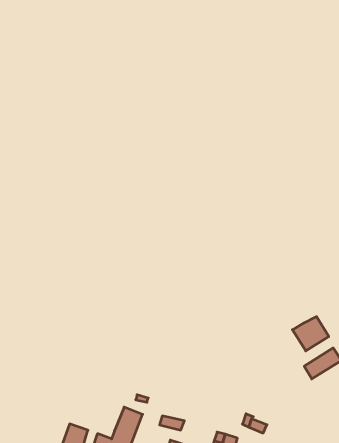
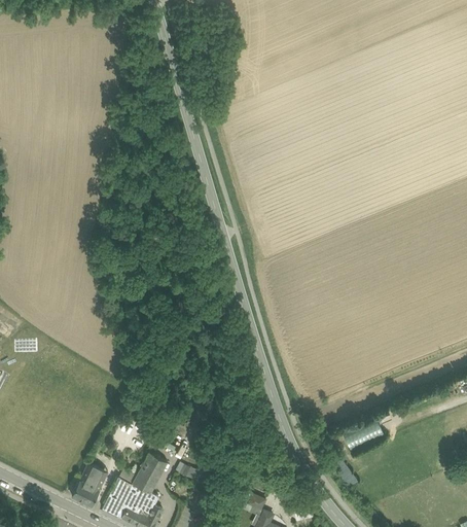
building: [292,317,329,351] -> none

